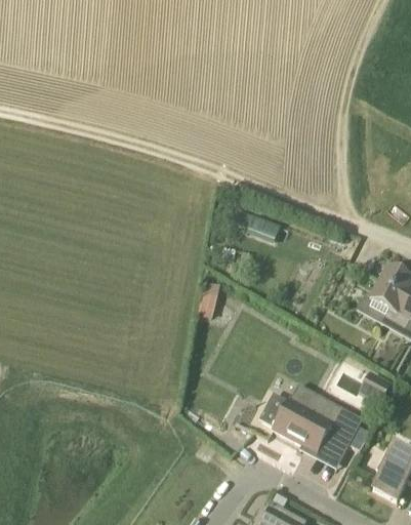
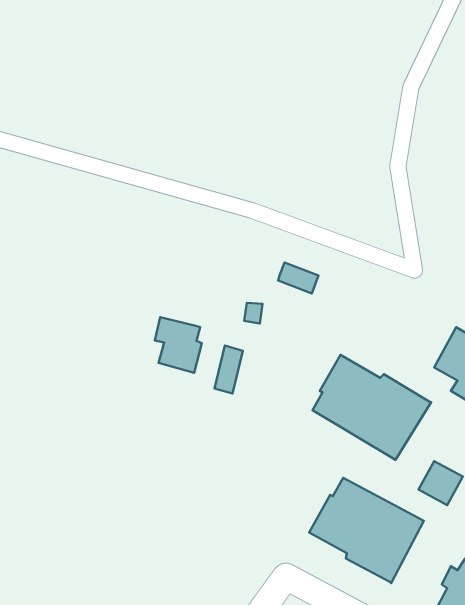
building: none -> [155,317,202,373]
building: none -> [313,355,431,460]

